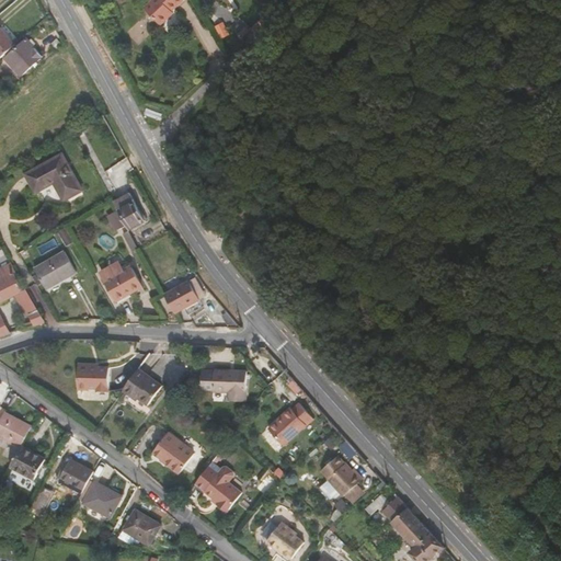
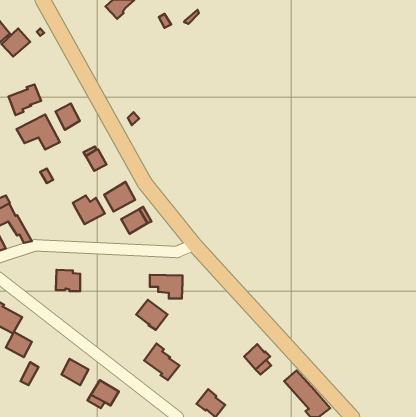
building: none -> [8,85,41,115]
building: none -> [55,104,80,130]
building: none -> [104,182,135,212]
building: [31,251,73,289] -> none
building: [119,367,160,404] -> none
building: [266,401,311,444] -> none
building: [151,432,193,472] -> [136,300,167,330]
building: [57,459,91,492] -> none

